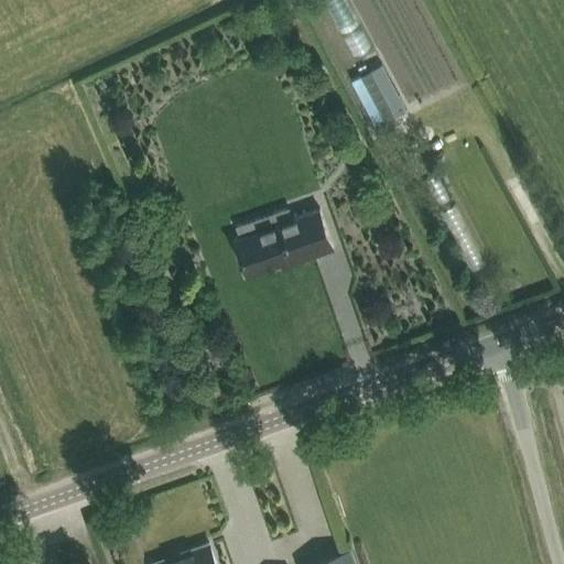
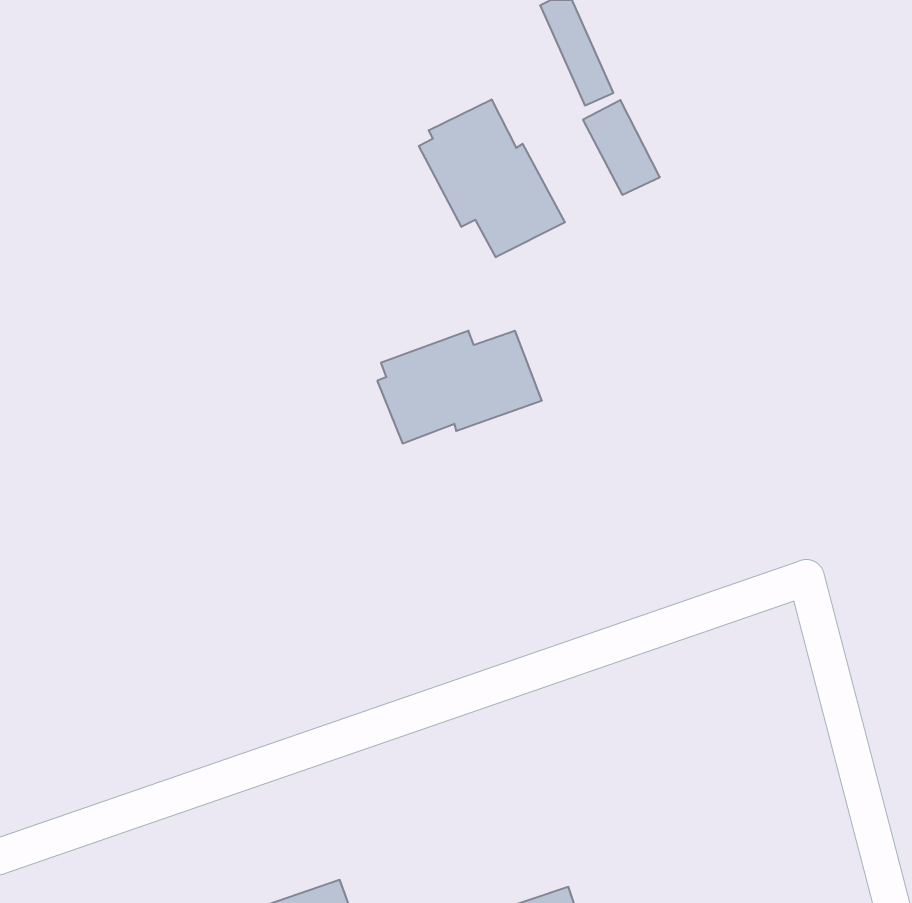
building: none -> [419,99,565,257]

